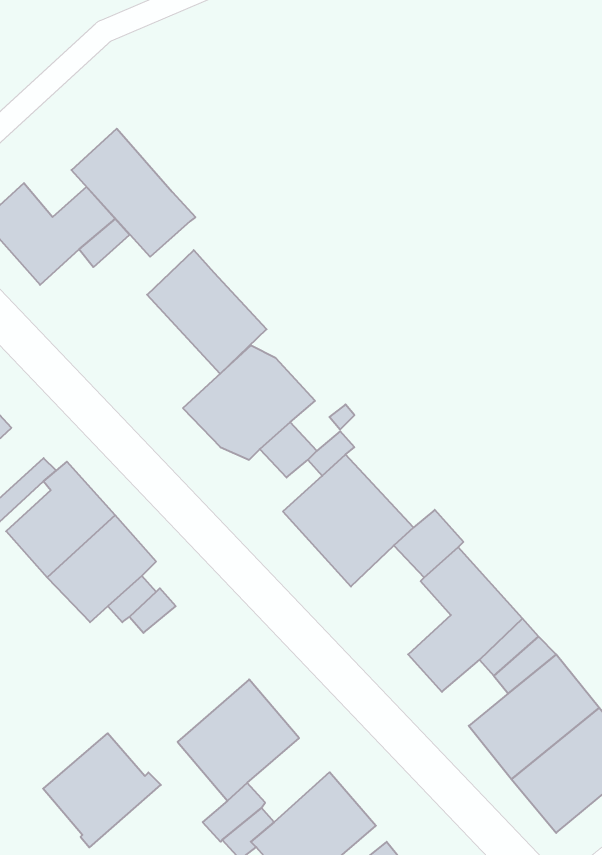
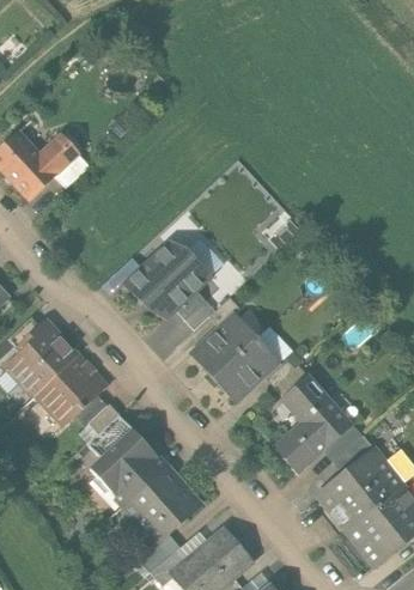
building: [71,129,195,257] -> none
building: [147,250,267,374] -> none
building: [43,733,161,847] -> [90,430,169,506]

